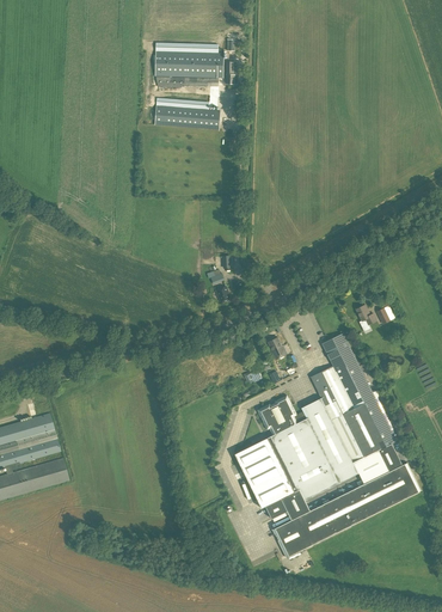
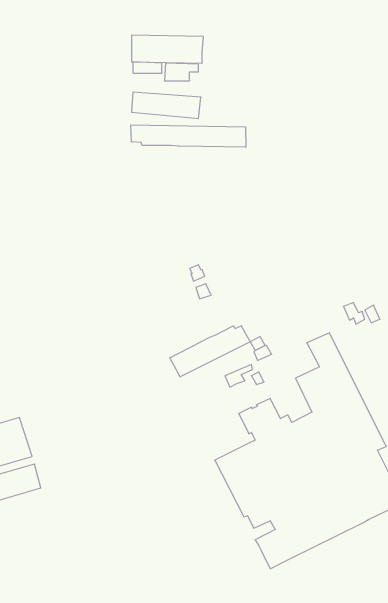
building: none -> [131,125,246,147]
building: none -> [170,326,250,377]

